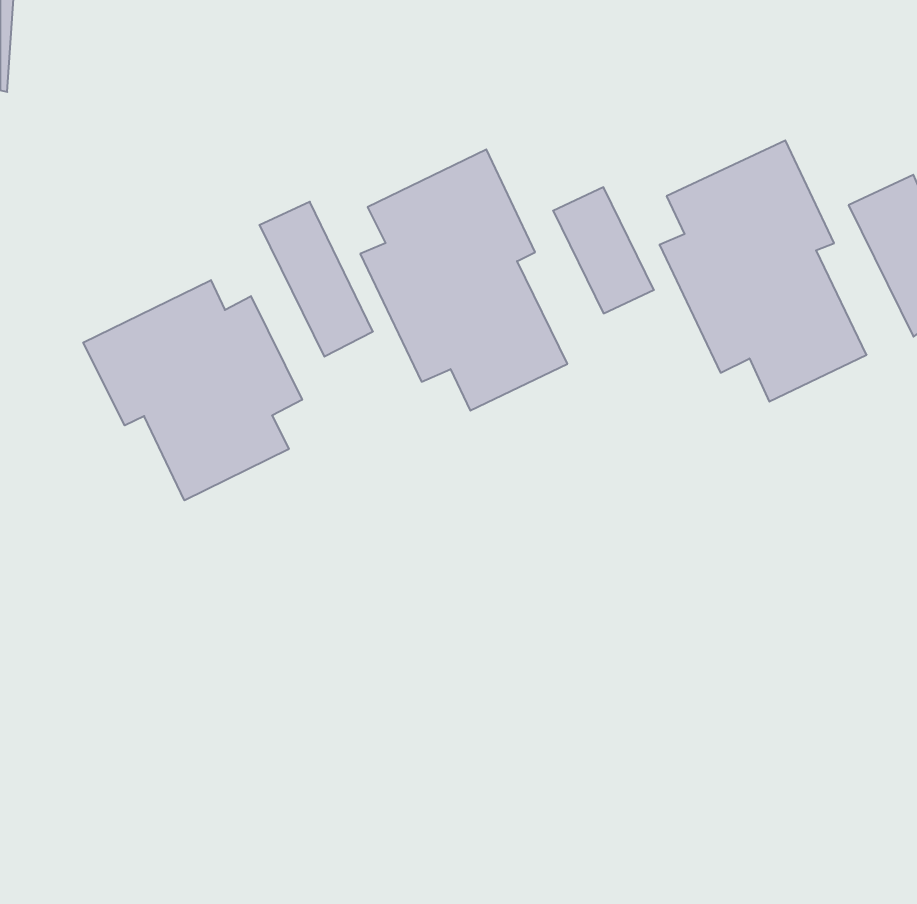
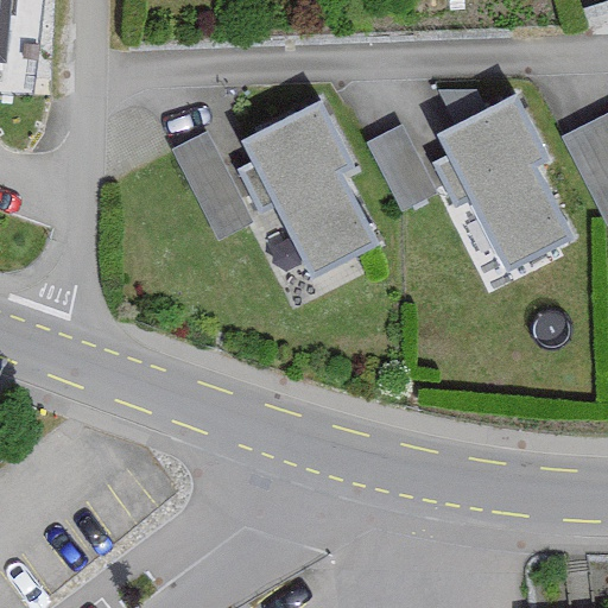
building: [83,280,302,500] -> none

